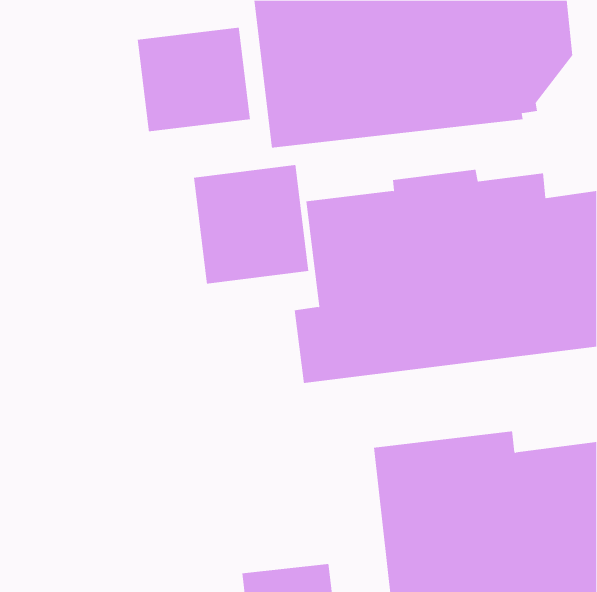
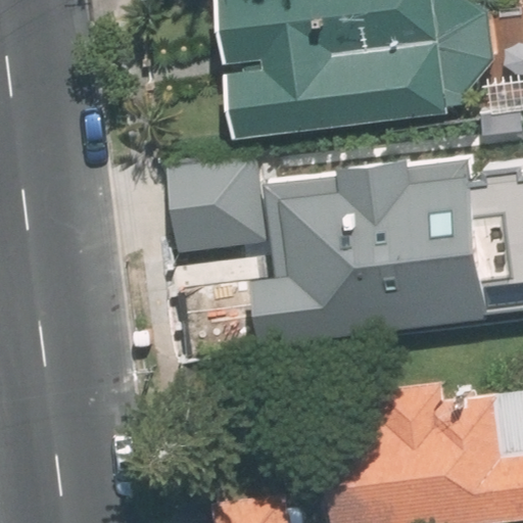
building: [137,27,251,132] -> none

